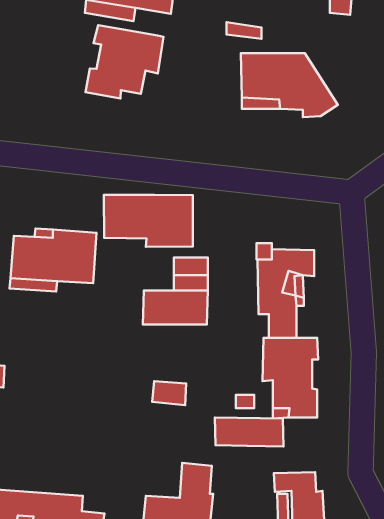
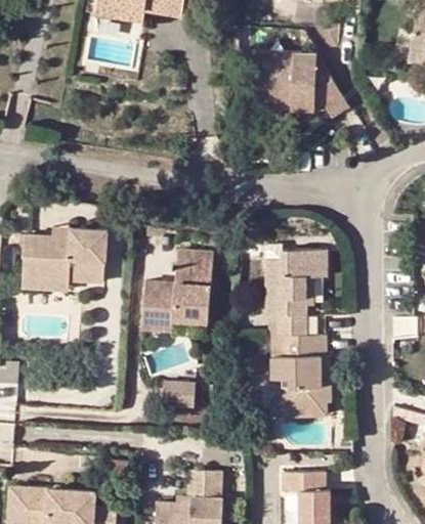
building: [85,25,164,98] -> none
building: [104,195,193,247] -> none
building: [215,417,283,446] -> none

